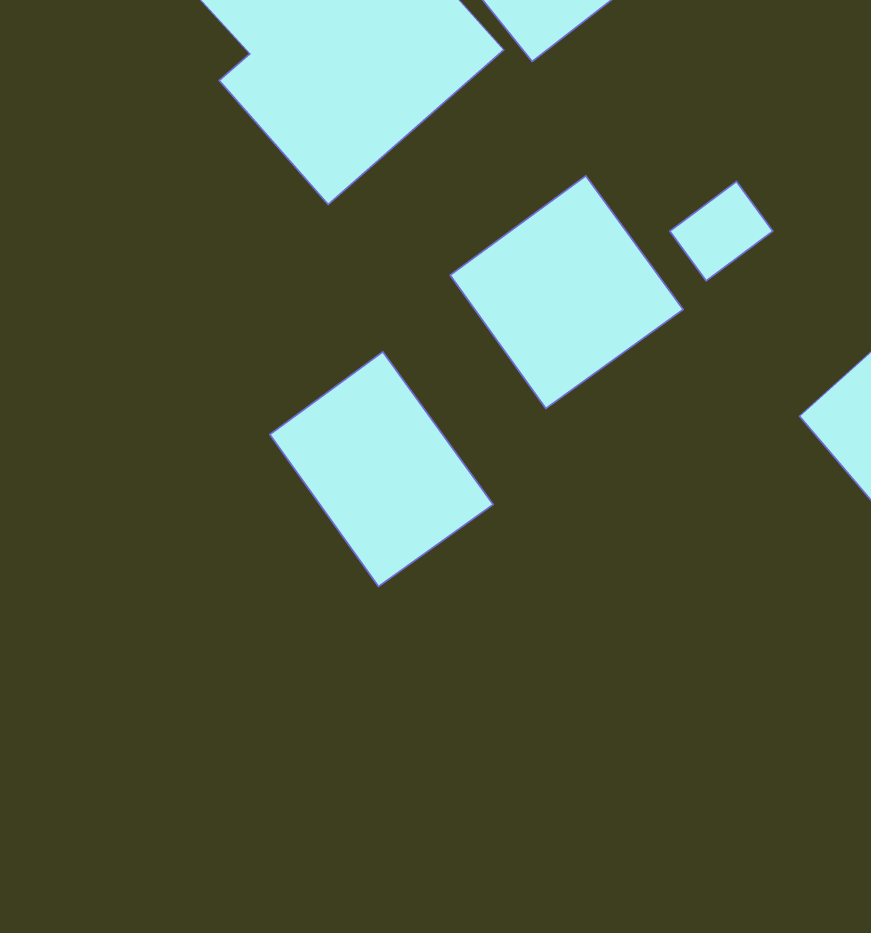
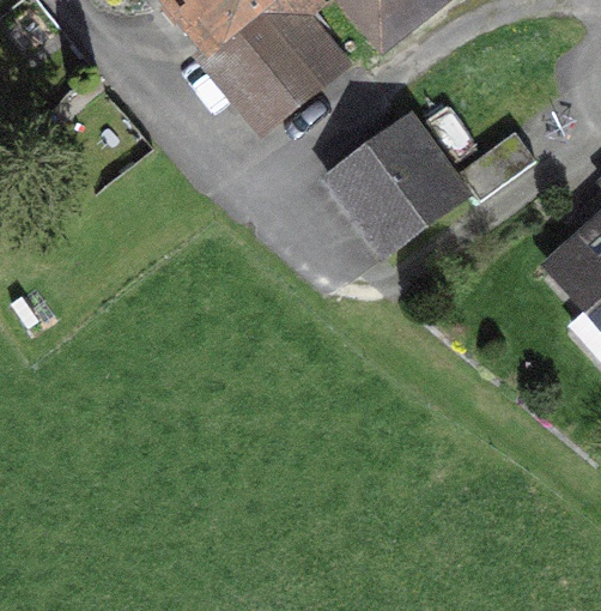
building: [270,352,493,586] -> none

